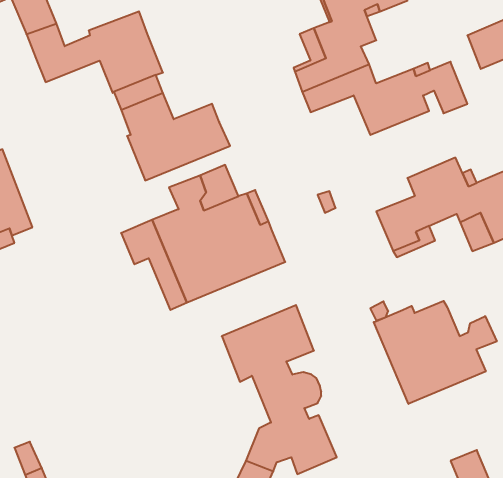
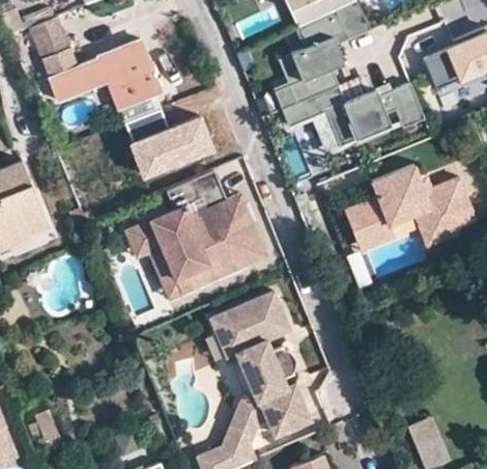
building: [374,301,497,404] -> none

